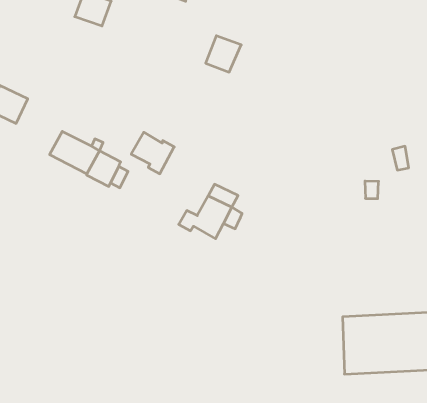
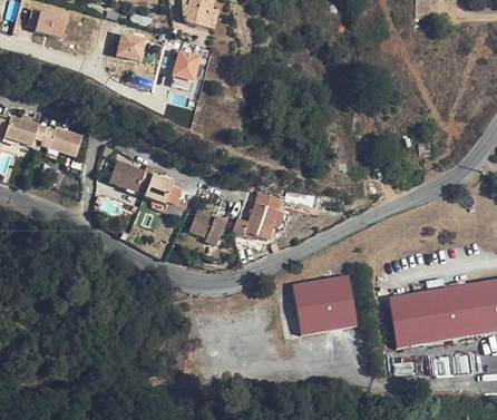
building: [206,36,241,72] -> [173,49,203,80]
building: [131,132,174,174] -> [188,209,226,245]
building: none -> [292,274,355,334]

